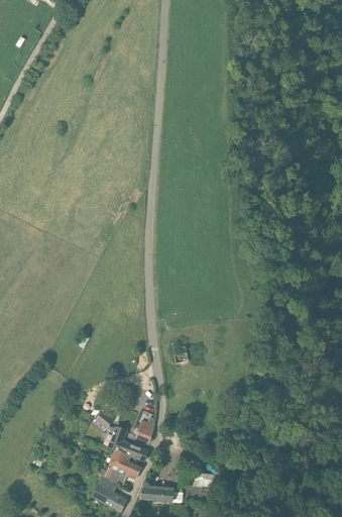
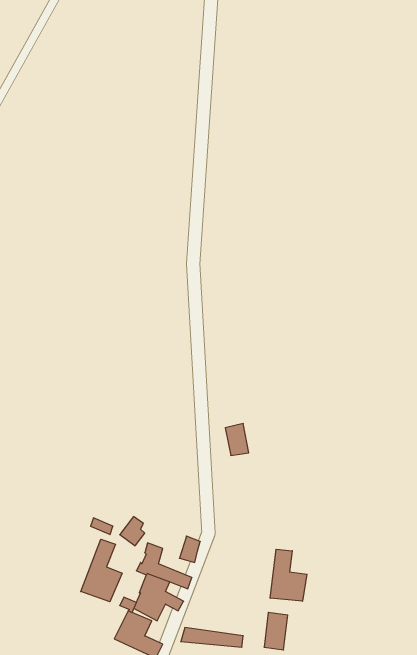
building: none -> [81,539,122,602]
building: none -> [270,549,307,601]

